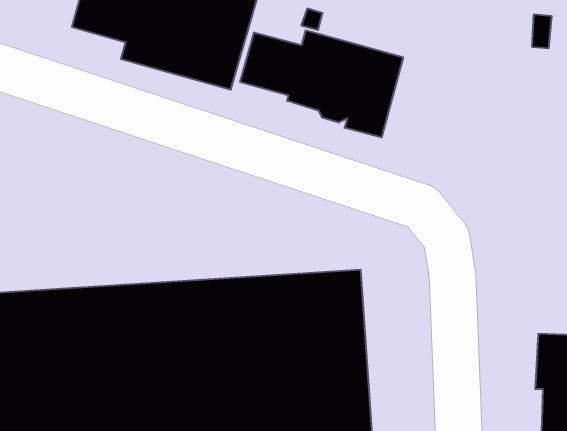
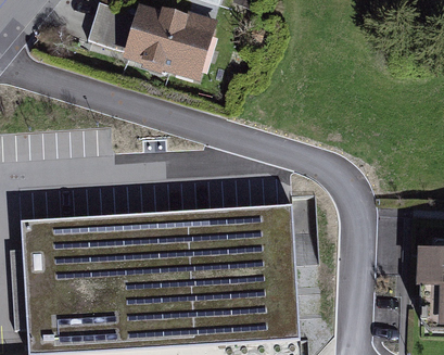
building: [240,30,403,137] -> none

